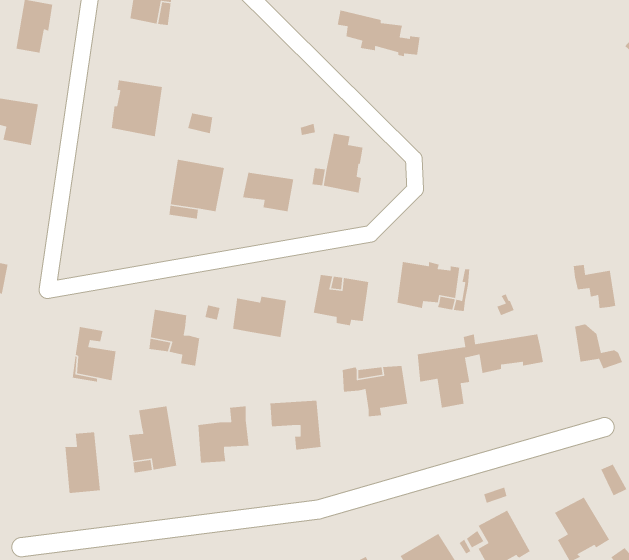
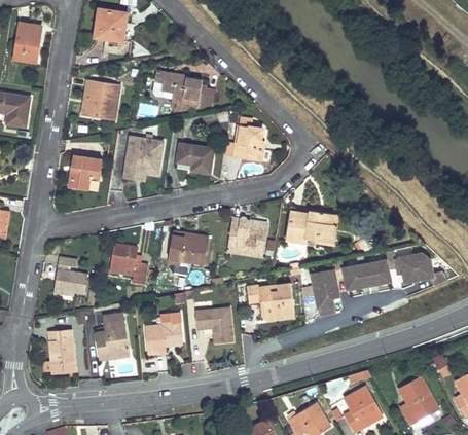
building: [337,9,421,57] -> [154,71,214,105]
building: none -> [68,155,101,189]
building: [573,264,616,309] -> [386,252,417,284]

